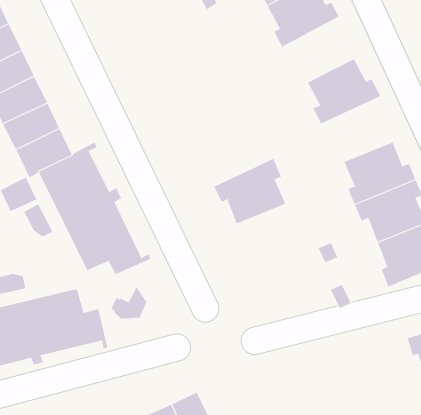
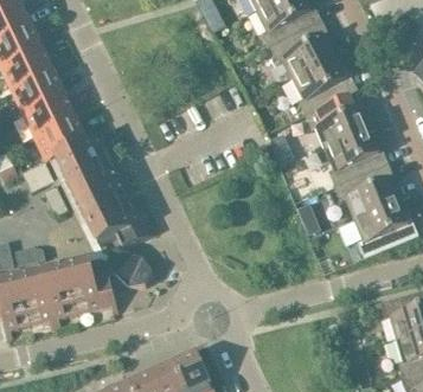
building: none -> [270,20,334,78]
building: [213,158,286,224] -> [305,90,368,148]

